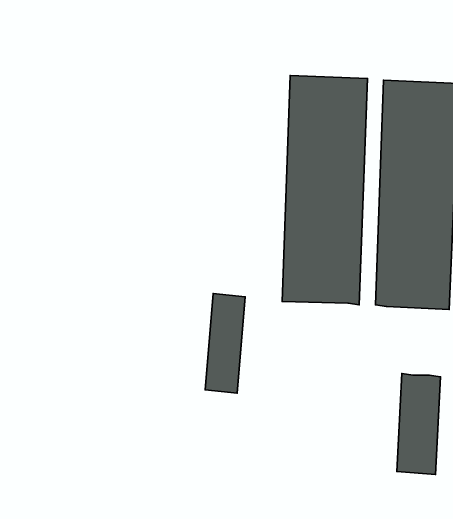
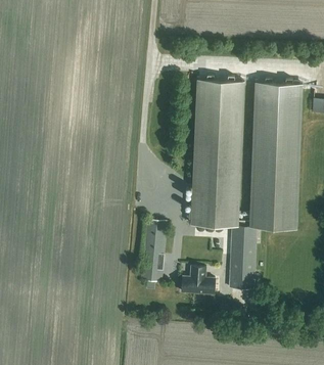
building: none -> [182,267,215,294]
building: [397,374,440,475] -> [229,226,257,290]

